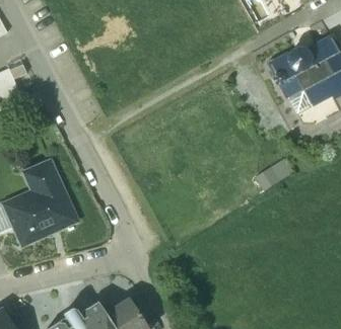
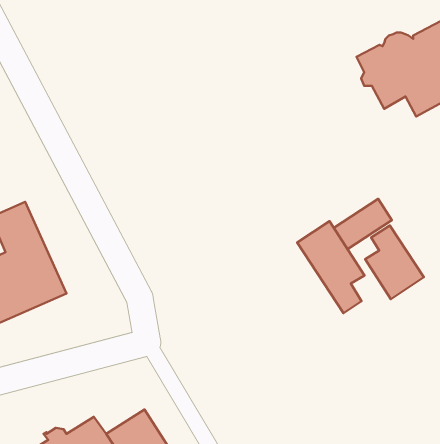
building: none -> [297,221,365,313]
building: none -> [365,225,424,299]

